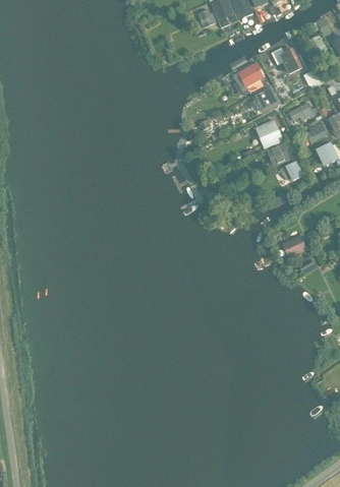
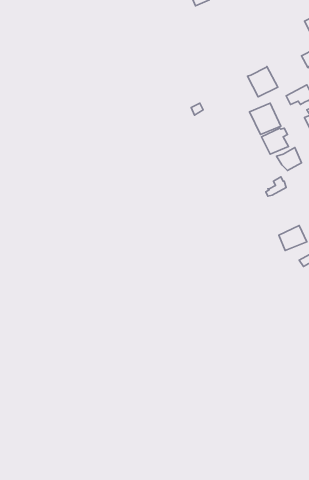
building: [271,48,300,72] -> none
building: [236,61,266,96] -> none

